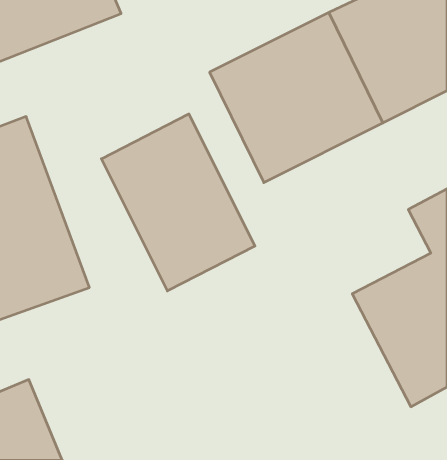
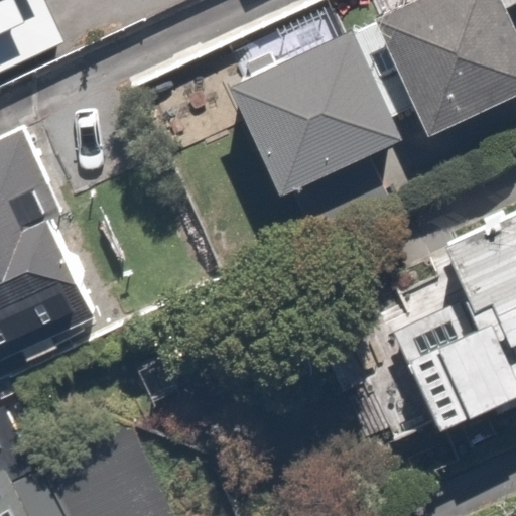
building: [101,114,255,291] -> none

